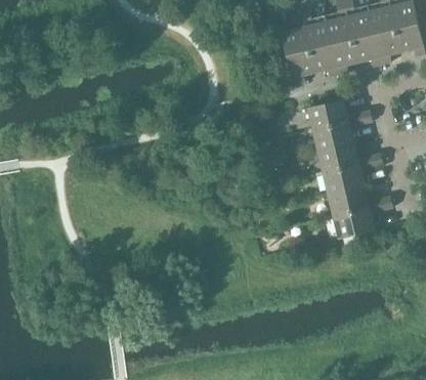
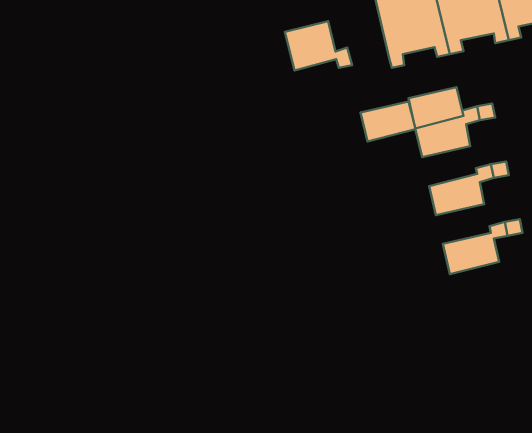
building: none -> [285,21,352,71]
building: [317,143,358,173] -> [360,102,415,142]
building: [328,186,369,216] -> none

